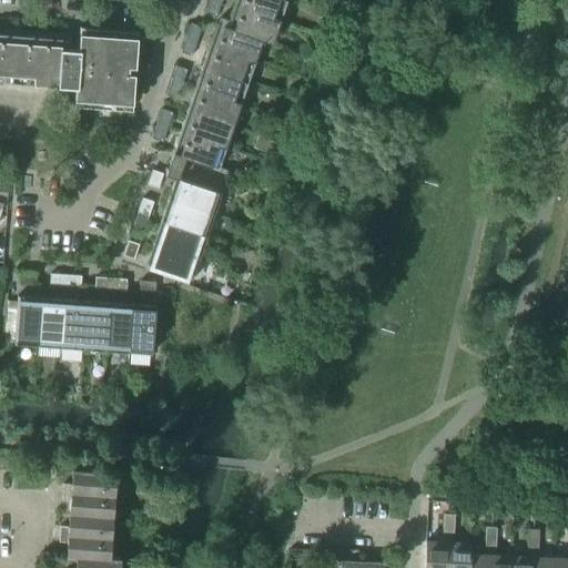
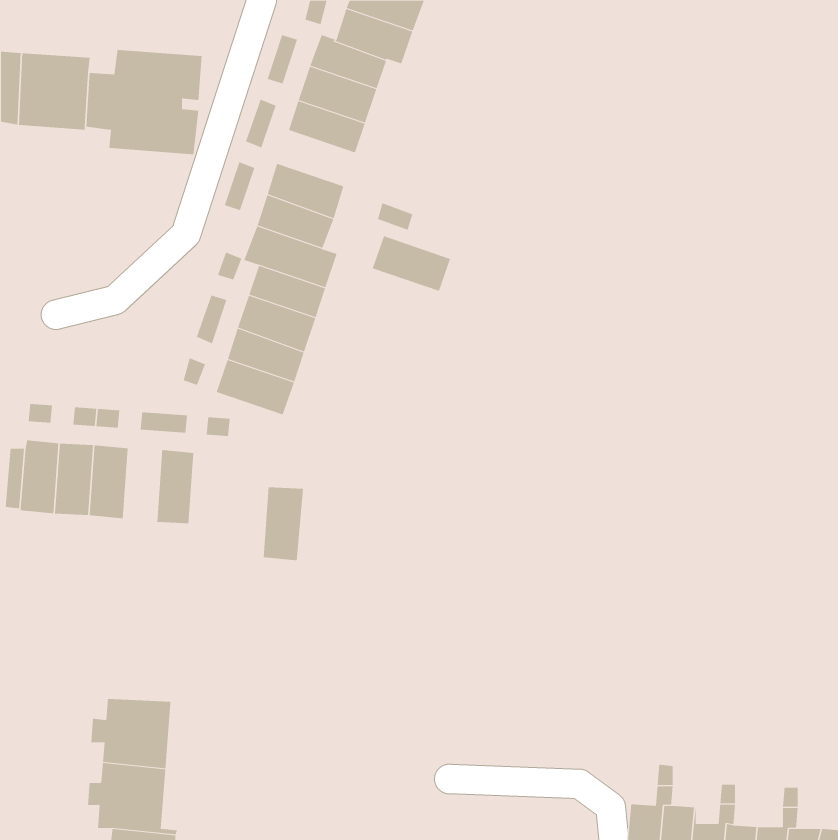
building: [189,89,242,126] -> [372,236,451,292]
building: [85,303,111,353] -> none
building: [130,306,158,356] -> [263,487,304,561]

